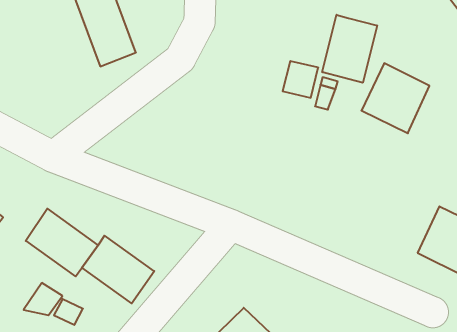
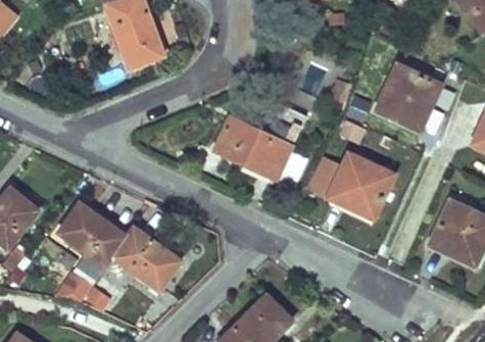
building: [322,15,377,83] -> none
building: none -> [214,115,291,178]
building: none -> [308,152,395,217]

